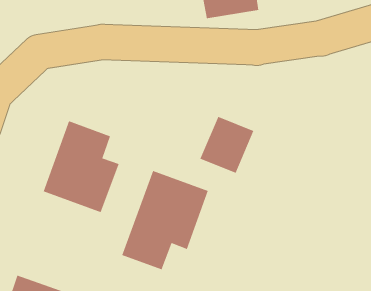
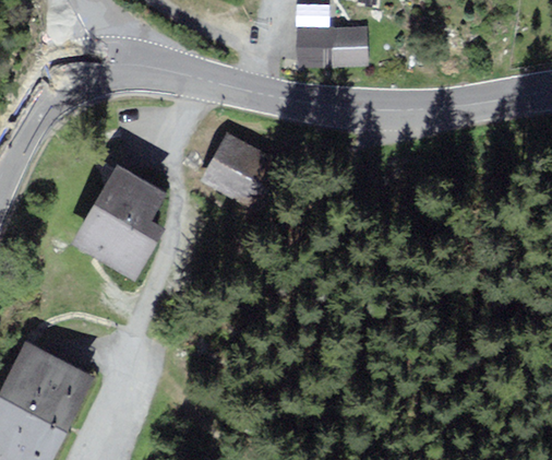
building: [200,116,254,173] -> [197,132,268,204]
building: [121,170,209,270] -> none

